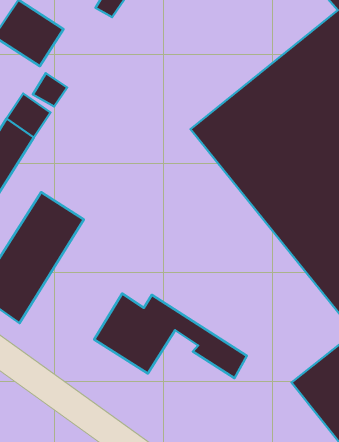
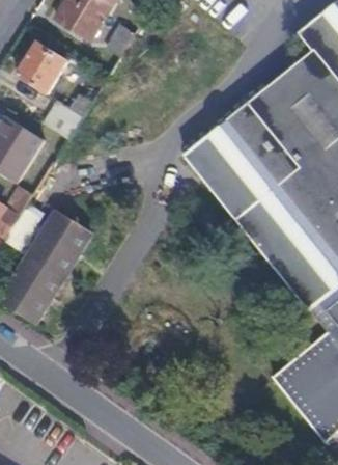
building: [94,294,247,378] -> none

